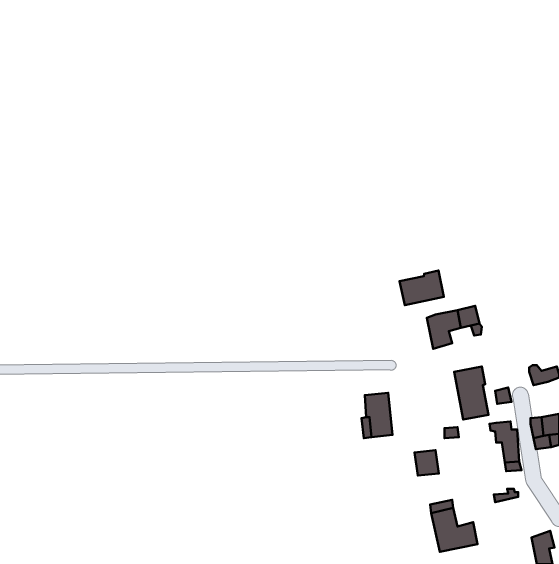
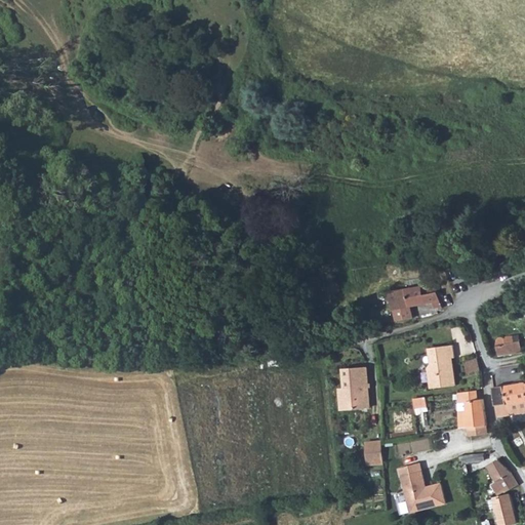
building: [400,271,444,305] -> none
building: [414,450,439,476] -> [361,441,383,465]
building: none -> [486,457,516,493]

